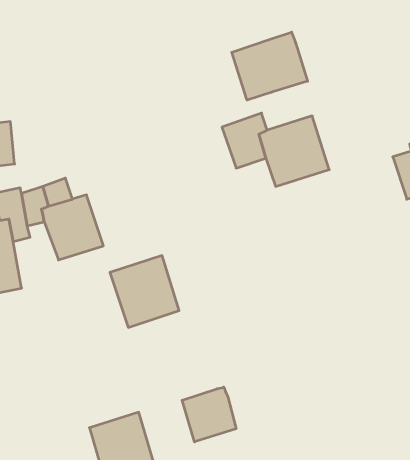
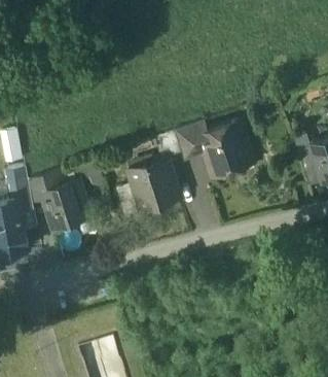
building: [232,32,308,100] -> none
building: [110,256,179,327] -> [127,158,178,210]
building: [182,387,236,442] -> none

